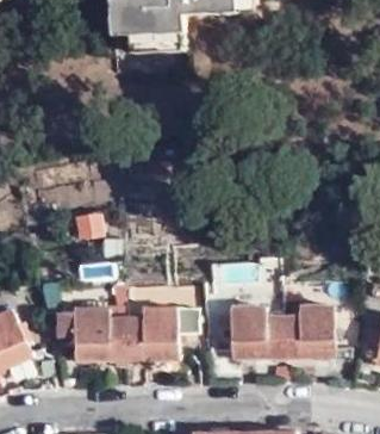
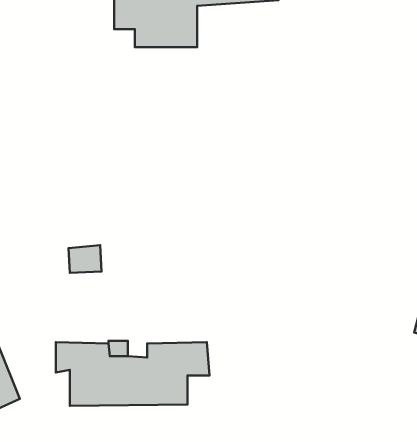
building: [230,304,332,359] -> none

